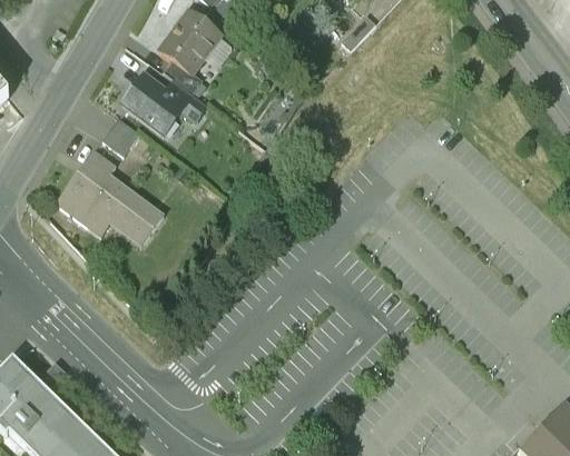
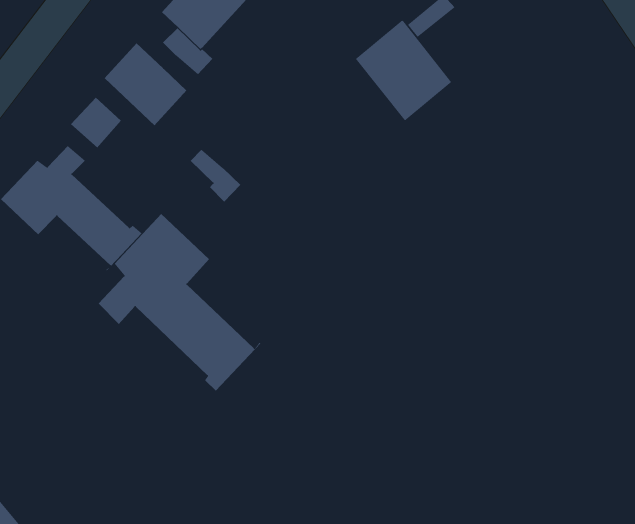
building: none -> [355,19,452,121]
building: [166,81,206,119] -> [190,149,241,203]
building: none -> [98,213,261,392]

